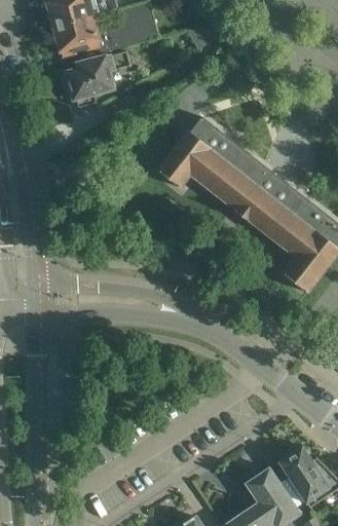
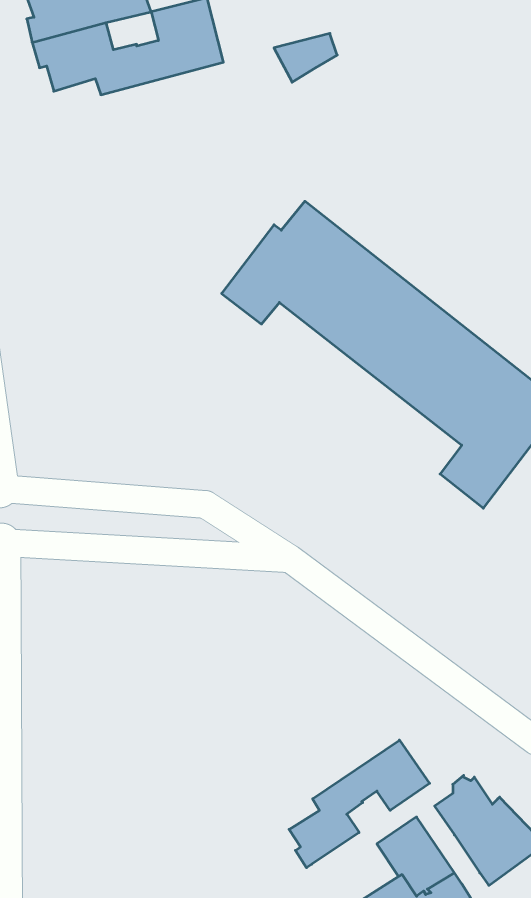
building: [65,50,128,108] -> none
building: none -> [289,740,430,868]

